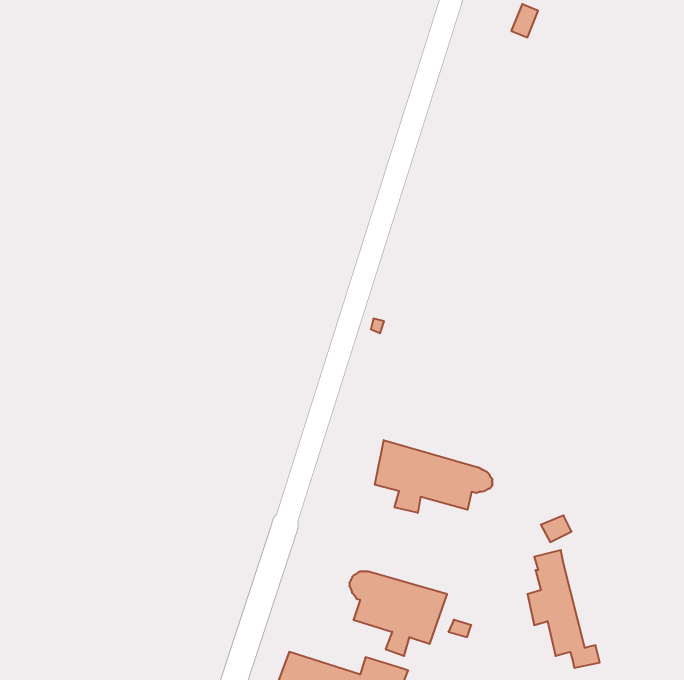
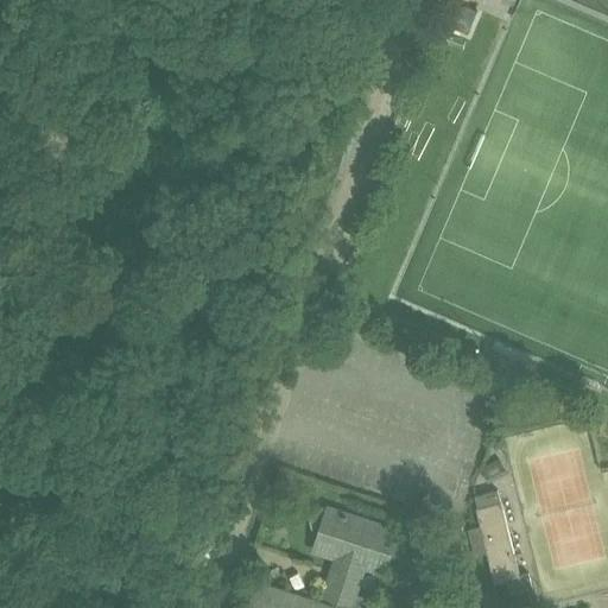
building: [375,440,493,513] -> none

